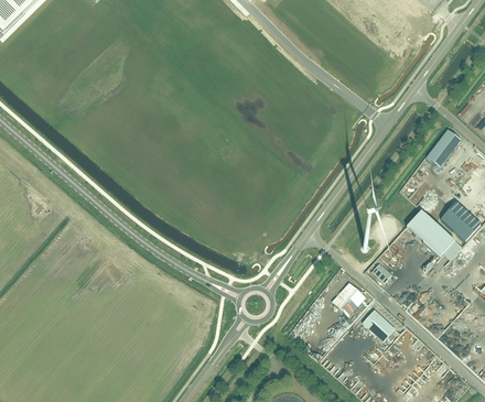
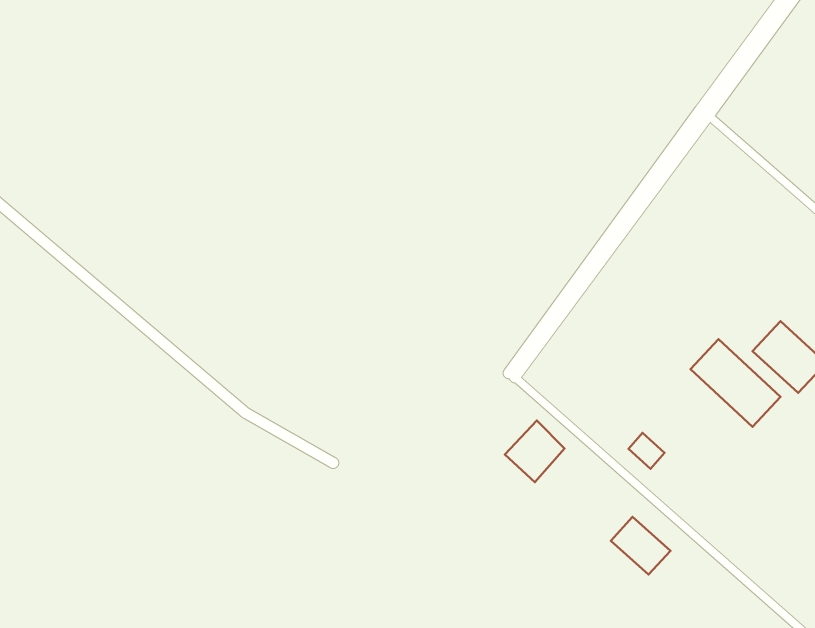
building: [427,127,461,164] -> none
building: [332,280,365,314] -> [505,420,565,482]

